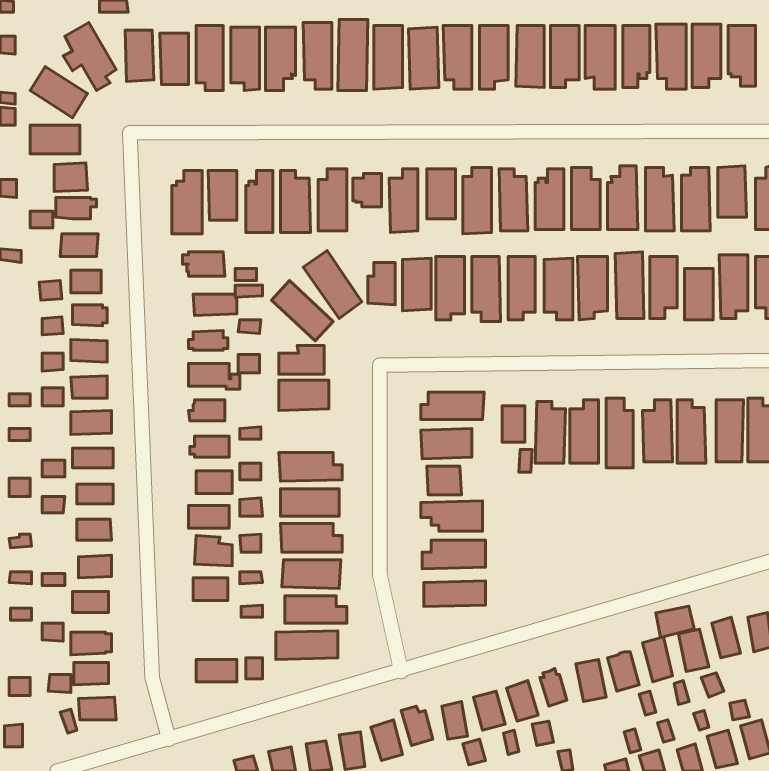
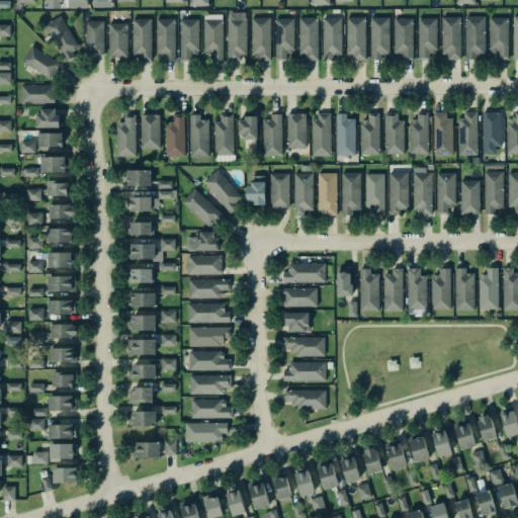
building: none -> [188,278,230,297]
building: [656,606,694,637] -> none
building: none -> [133,411,157,427]

